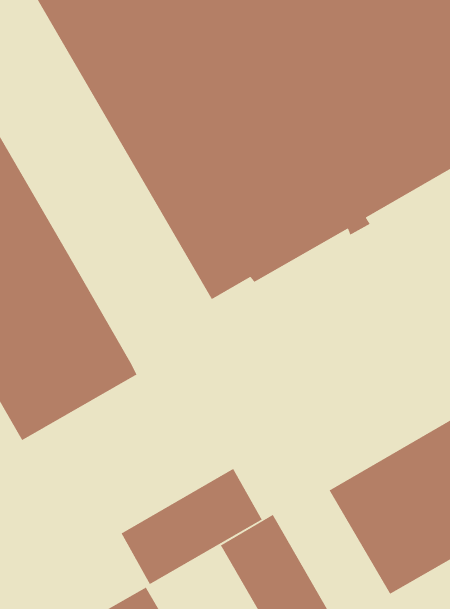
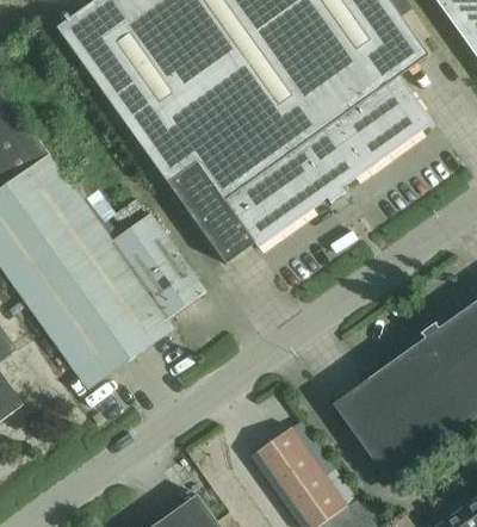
building: none -> [112,213,206,318]
building: [120,468,263,585] -> none

